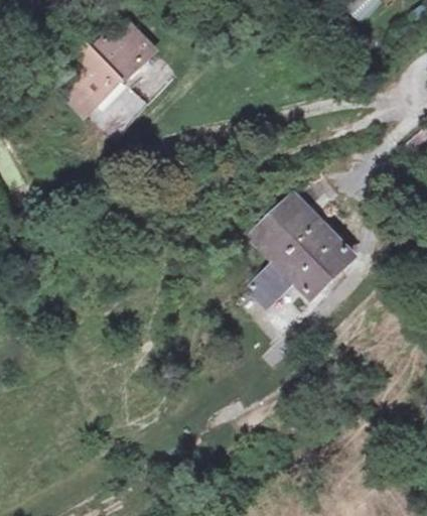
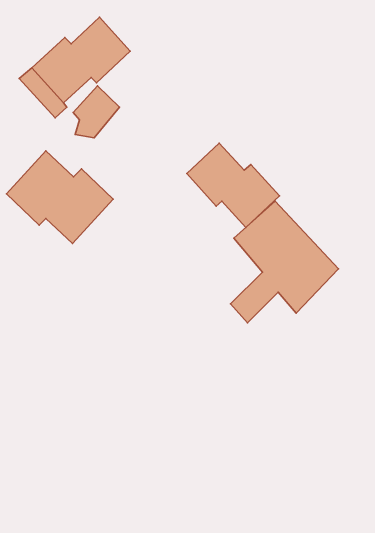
building: none -> [187,143,279,227]
building: none -> [6,151,113,243]

